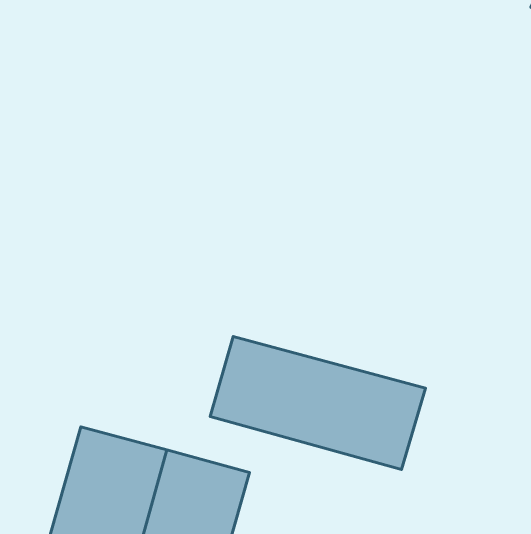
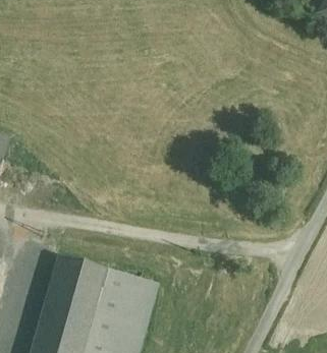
building: [210,337,425,470] -> none

